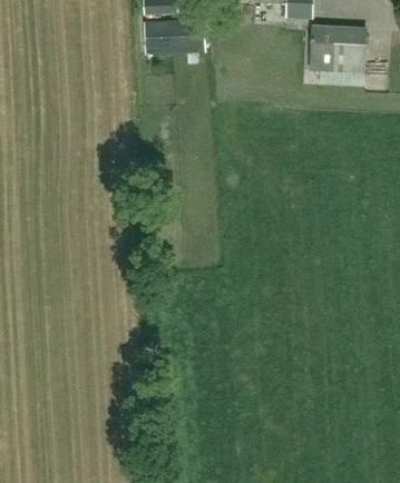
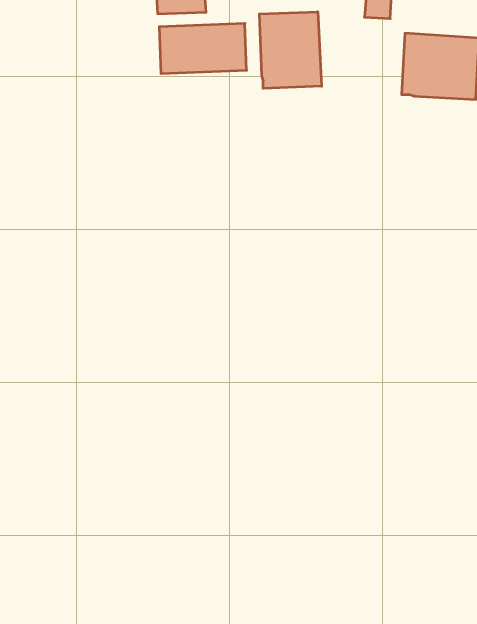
building: none -> [259,12,322,88]

